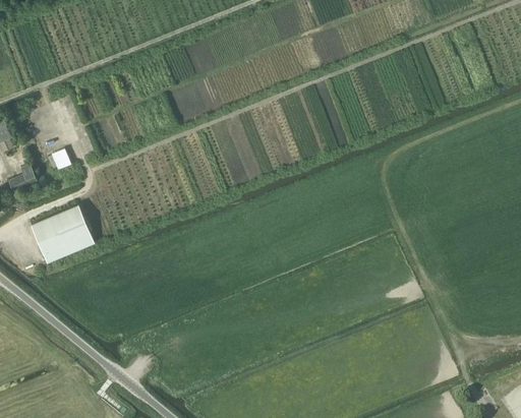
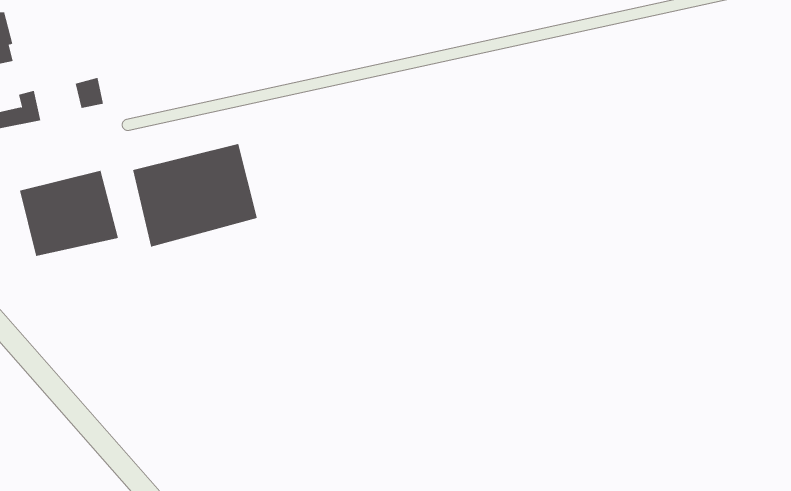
building: none -> [133,143,257,247]

